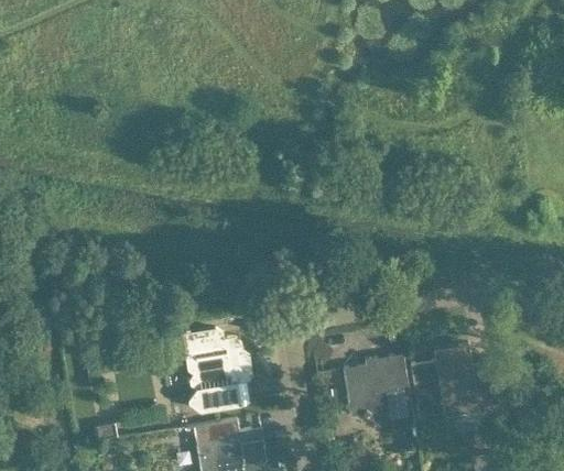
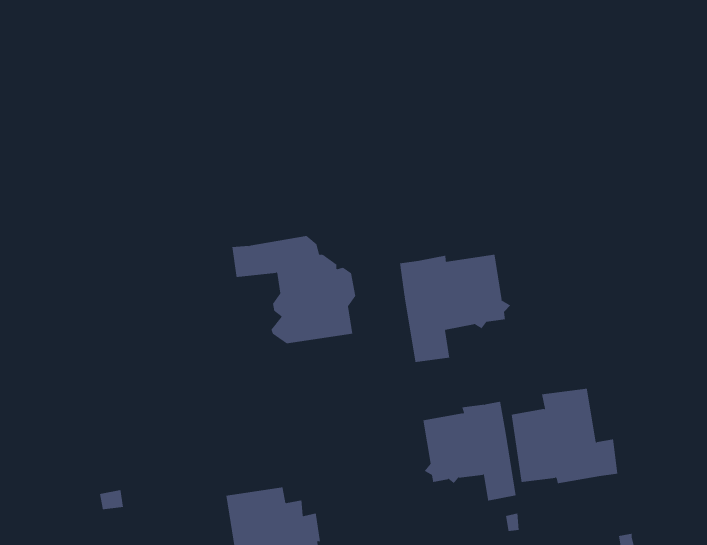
building: none -> [399,254,511,363]
building: [158,327,252,409] -> [232,235,356,344]

